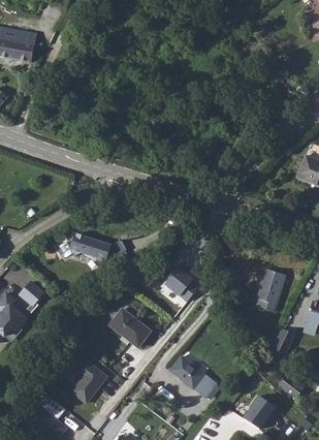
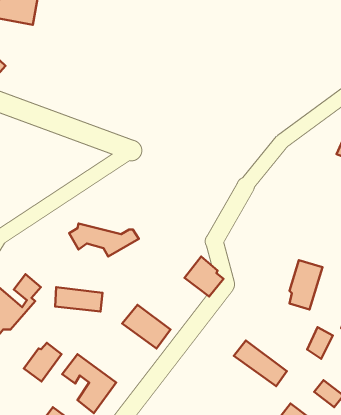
building: none -> [55,287,103,312]
building: none -> [24,343,62,381]
building: [171,355,218,396] -> [234,340,287,386]

